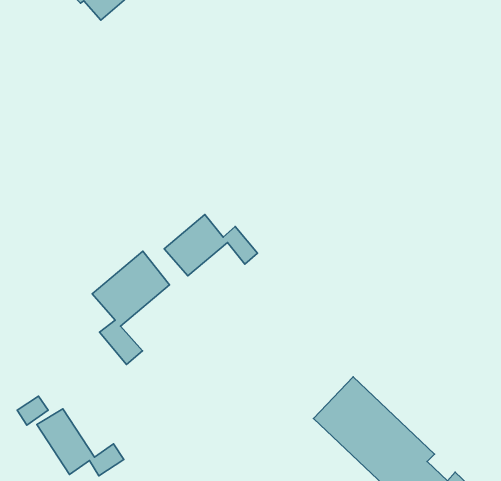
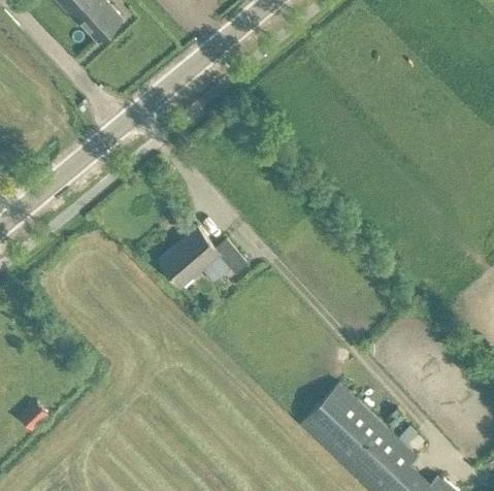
building: [92,251,170,364] -> none
building: [37,409,124,476] -> none

